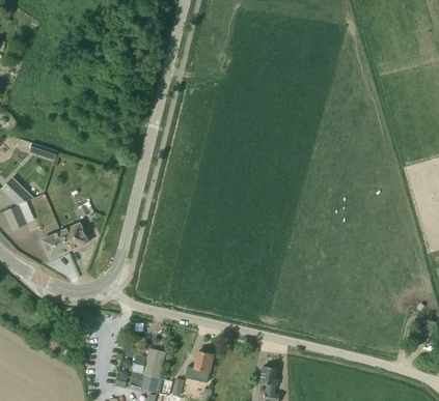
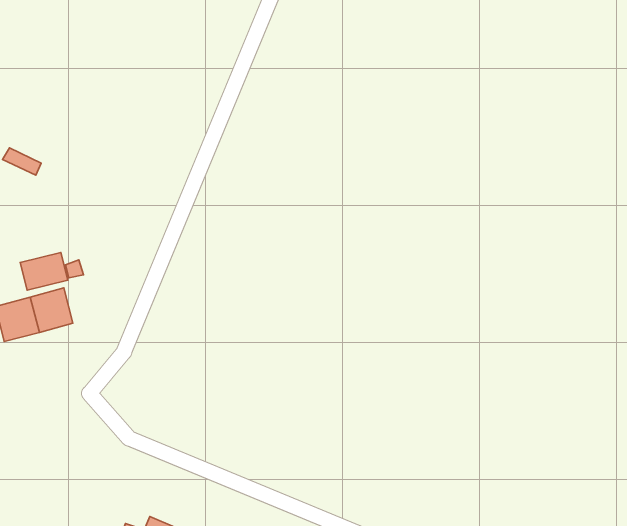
building: none -> [20,253,68,290]

